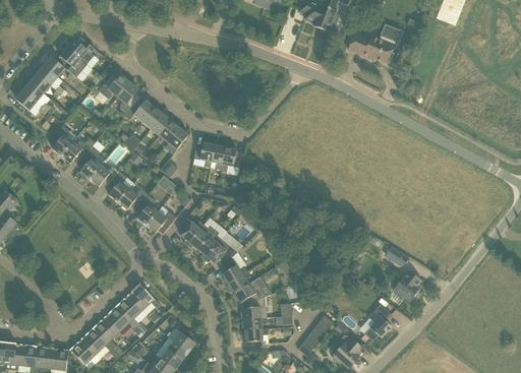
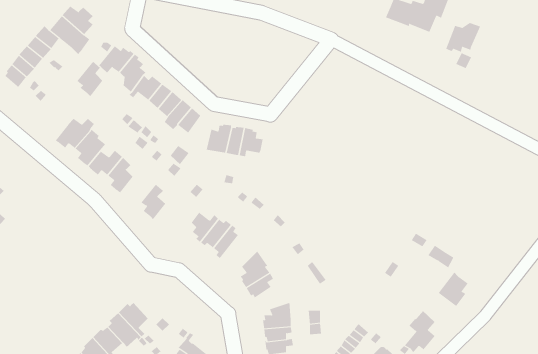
building: none -> [446,22,481,53]
building: [48,125,71,157] -> [76,61,103,97]
building: [117,188,148,210] -> none
building: [146,206,175,235] -> none
building: [204,239,236,266] -> none
building: [232,276,265,303] -> none
building: [128,284,158,311] -> none

